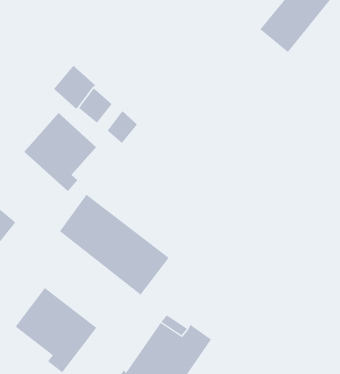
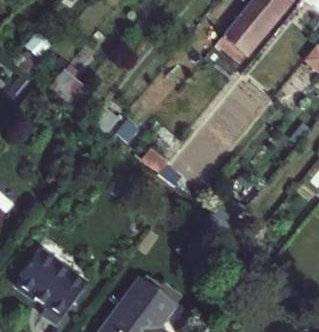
building: [23,112,97,192] -> none
building: [59,194,169,296] -> none

